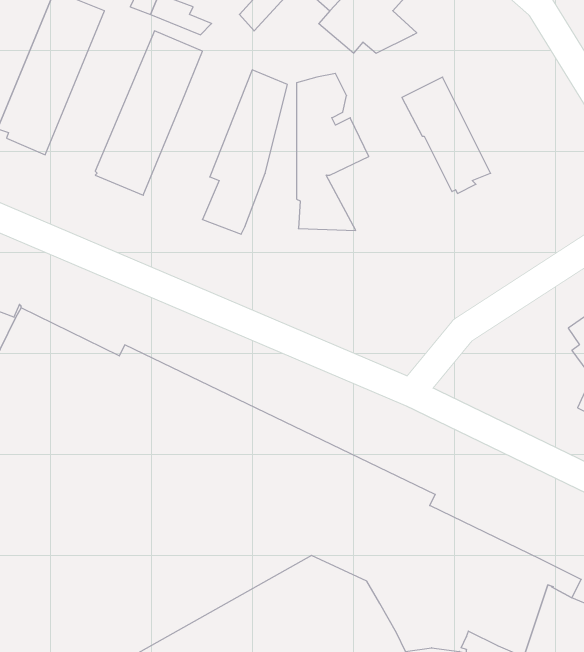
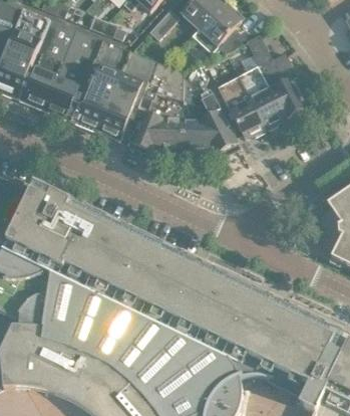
building: none -> [44,27,103,115]
building: none -> [247,34,308,116]
building: none -> [97,49,156,137]
building: none -> [150,66,183,150]
building: none -> [218,74,265,136]
building: none -> [197,107,237,151]

